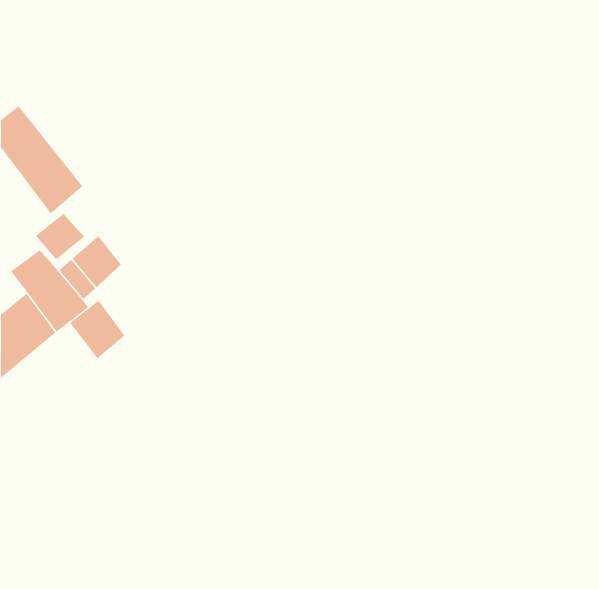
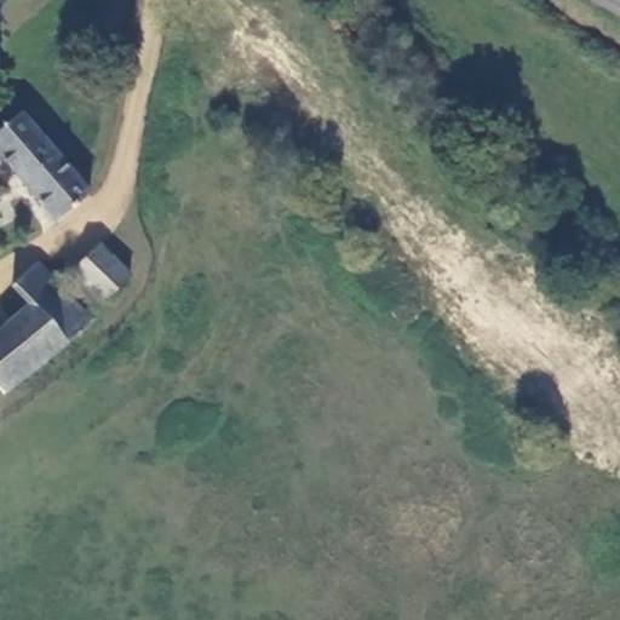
building: [35,213,85,260] -> none
building: [70,300,125,359] -> none

